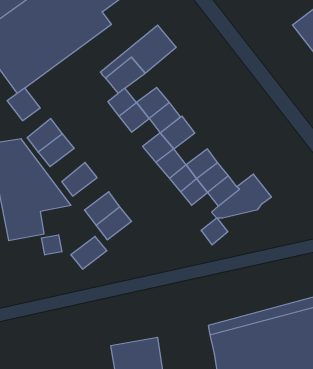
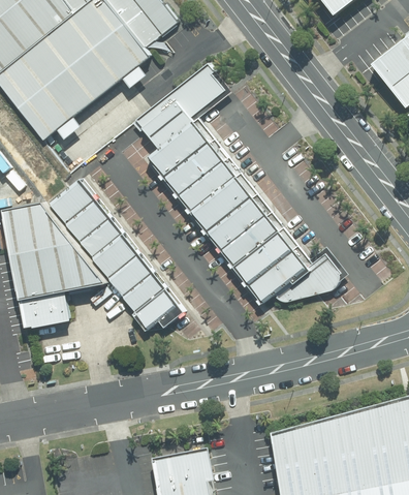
building: none -> [168,123,208,159]
building: [7,88,40,121] -> none
building: none -> [177,179,212,213]
building: none -> [228,196,270,236]
building: none -> [76,215,120,256]
building: [201,218,228,245] -> [250,270,283,303]
building: [41,235,62,255] -> none
building: [71,236,107,269] -> [104,251,149,291]

